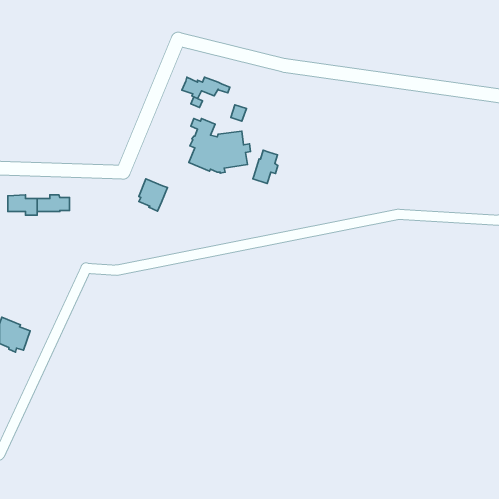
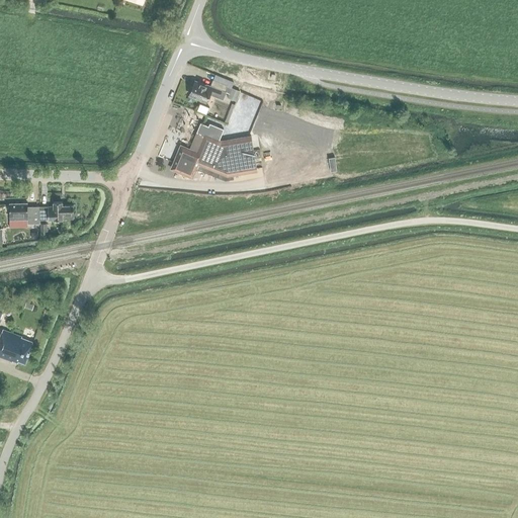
building: [253,150,278,183] -> none
building: [139,179,167,211] -> [172,144,201,177]

